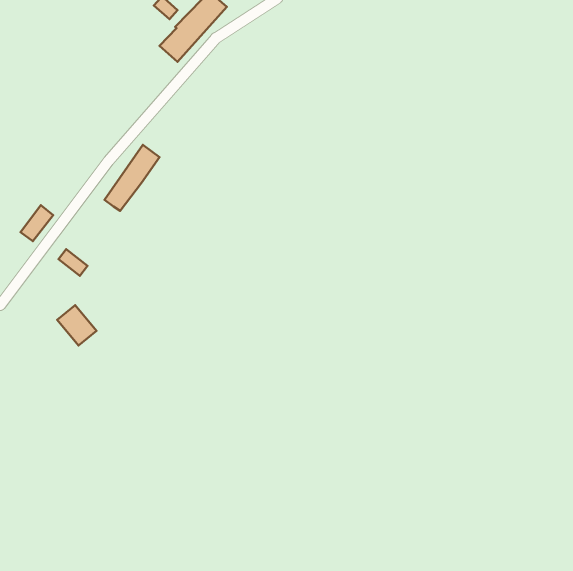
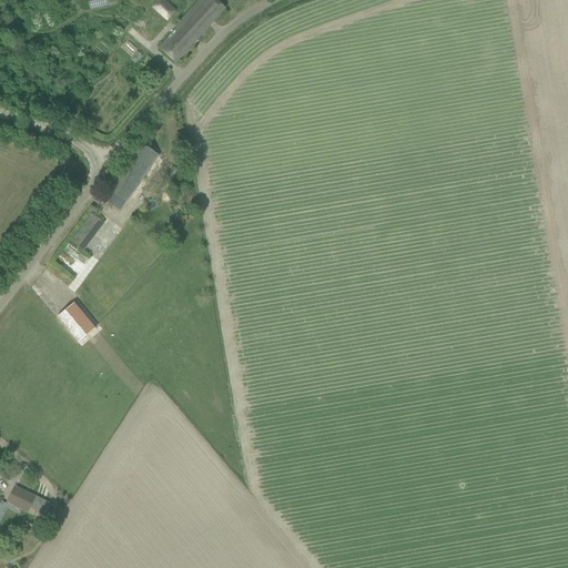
building: [21,205,53,241] -> [73,213,105,248]
building: none -> [7,484,42,511]

